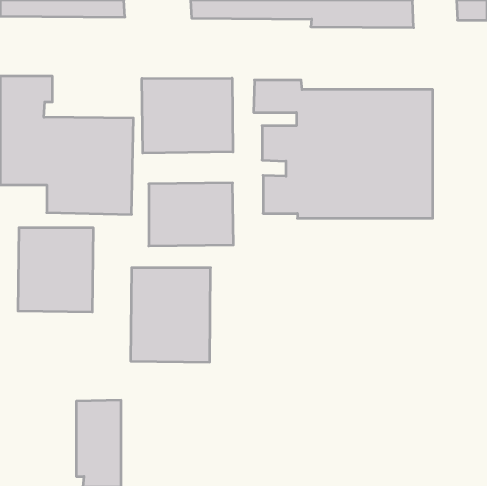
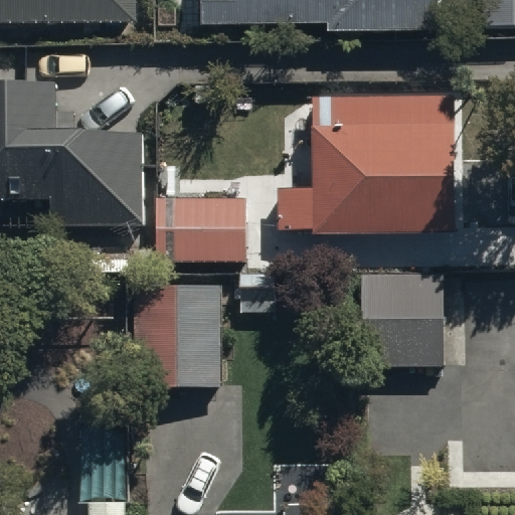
building: [142,78,233,153] -> none
building: [18,228,93,312] -> none
building: none -> [361,274,445,367]

